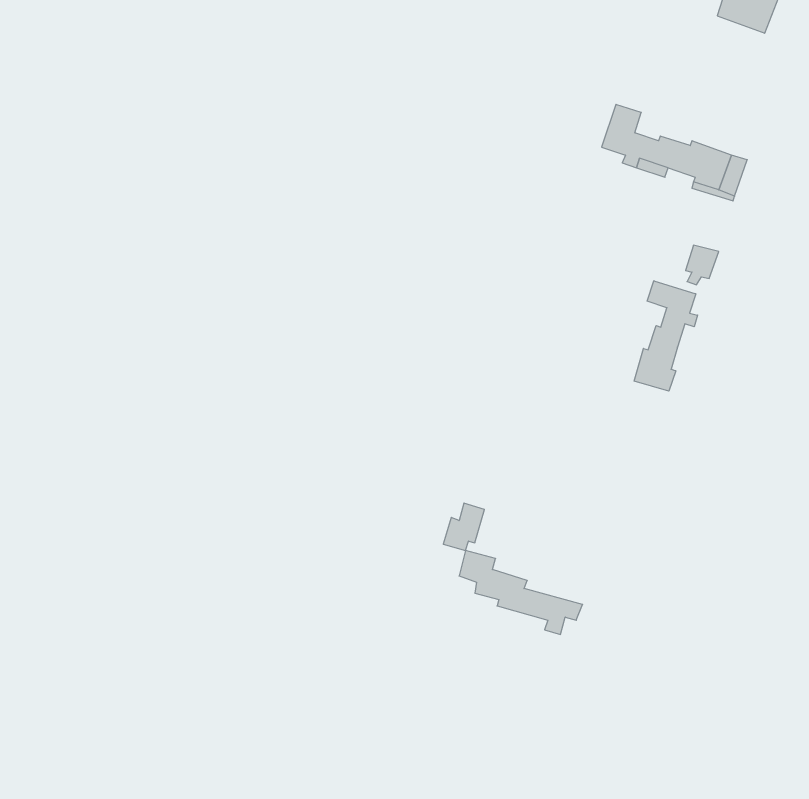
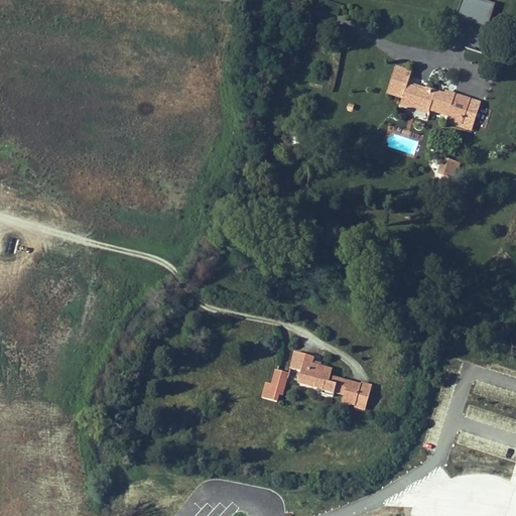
building: [634,281,698,391] -> none
building: [443,503,484,551] -> [265,373,291,403]

